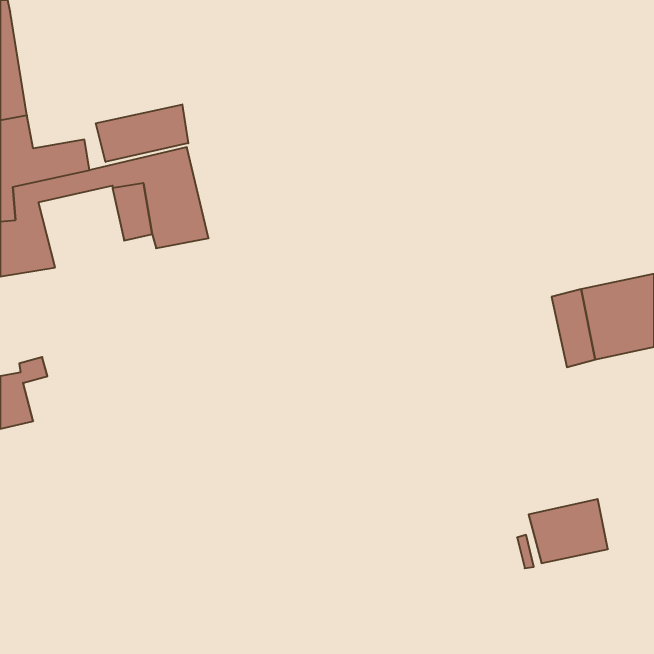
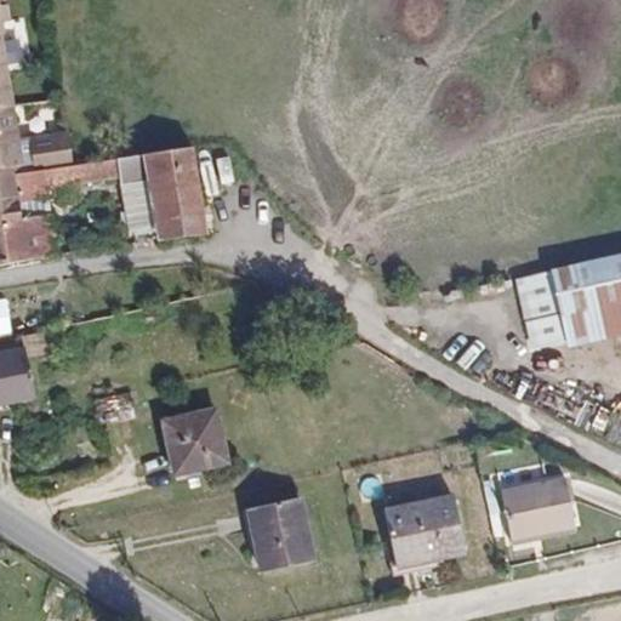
building: [96,104,188,162] -> none
building: none -> [155,411,218,471]
building: none -> [389,490,467,565]
building: none -> [247,505,312,582]

